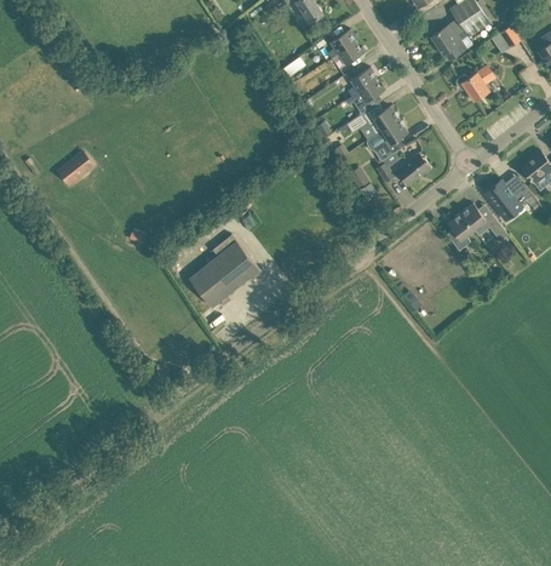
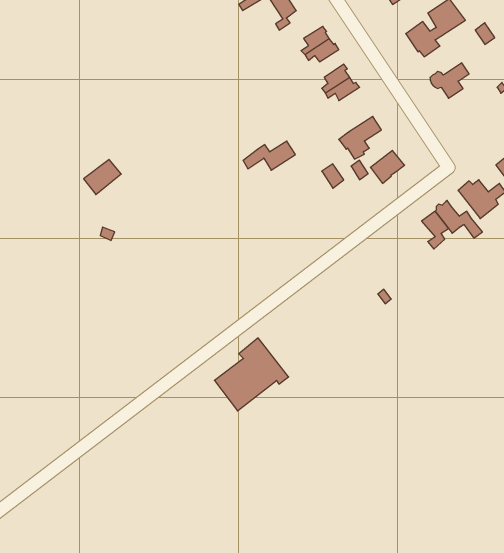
building: [346,105,398,135] -> [243,141,295,170]
building: [57,150,94,185] -> [84,159,121,195]
building: [188,234,262,307] -> [214,338,289,411]

